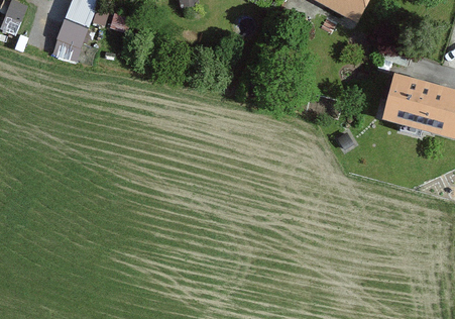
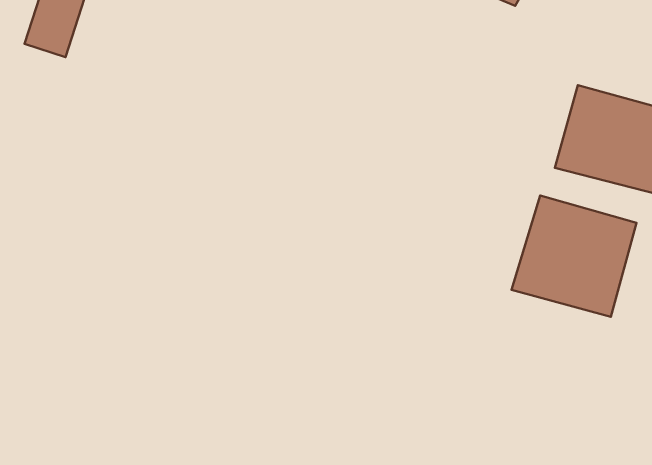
building: none -> [512,196,637,317]

